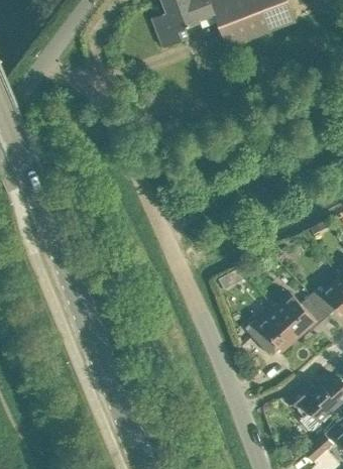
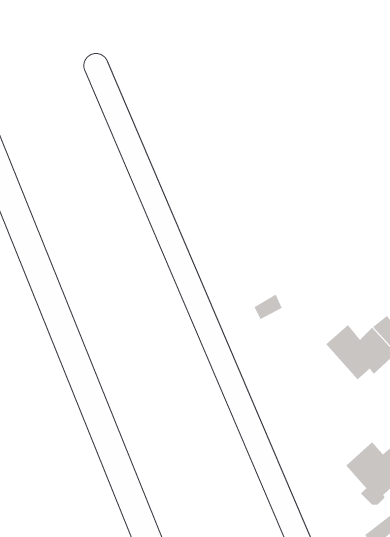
building: [246,307,300,354] -> none

